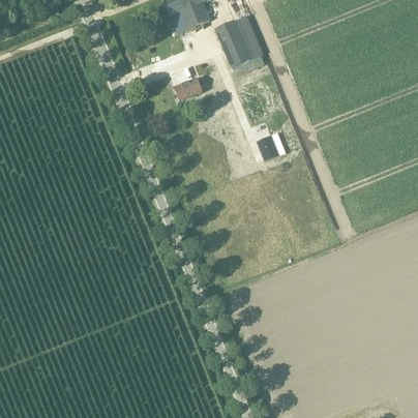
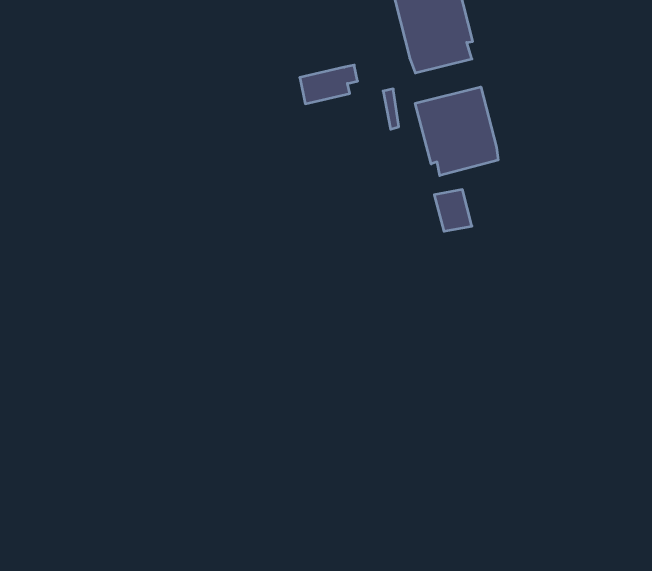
building: none -> [415,87,498,176]

